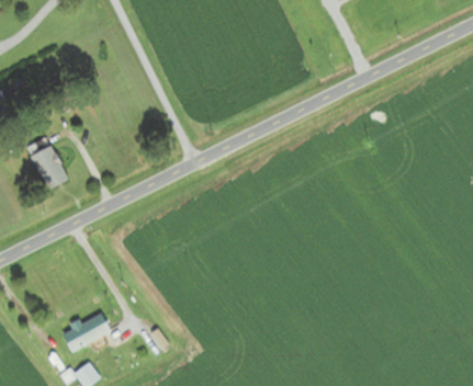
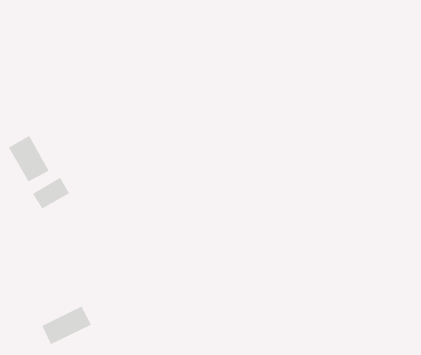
building: none -> [32,177,70,209]

